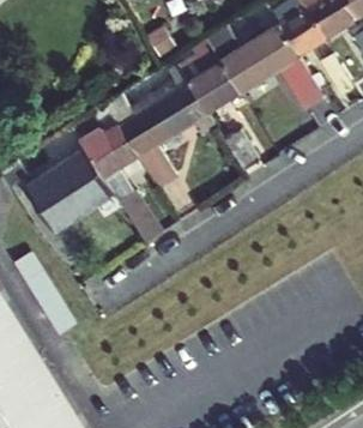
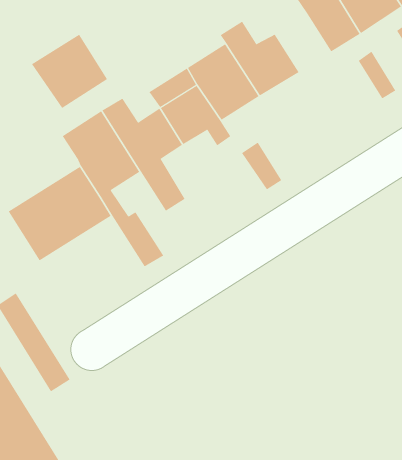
building: [250,24,322,111] -> none
building: none -> [31,34,108,109]

